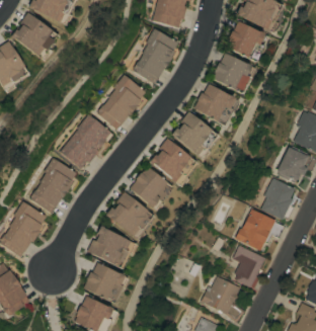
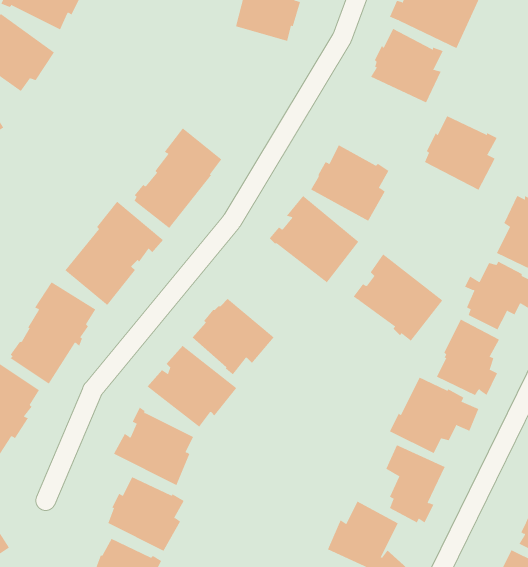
building: [133,28,177,83] -> none
building: [212,53,251,93] -> [424,115,498,190]
building: [149,138,198,185] -> [353,253,443,342]

